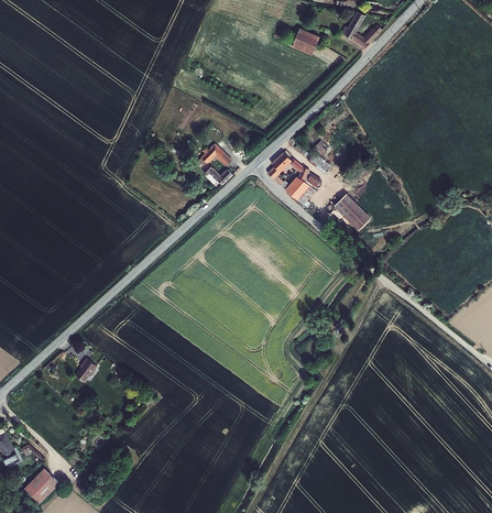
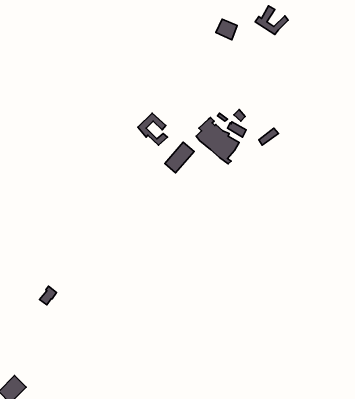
building: none -> [165,142,194,173]
building: [335,192,371,229] -> none

